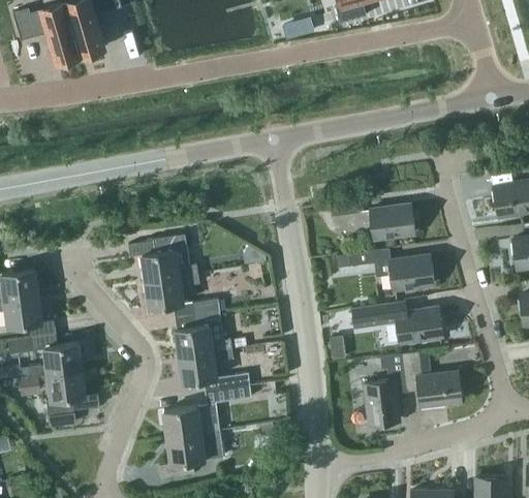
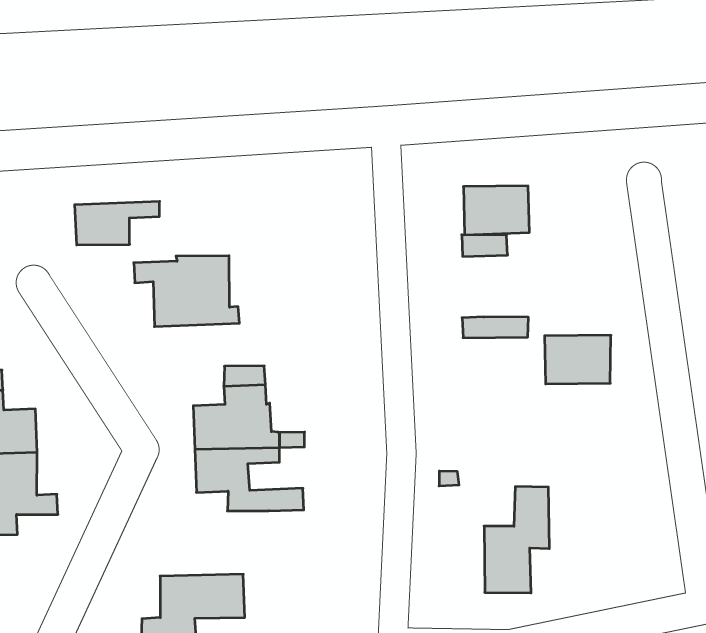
building: [370,205,414,240] -> [463,186,529,235]
building: [145,275,198,308] -> [75,201,160,245]
building: [348,301,441,343] -> none
building: [402,352,461,406] -> none
building: [162,386,252,438] -> none

